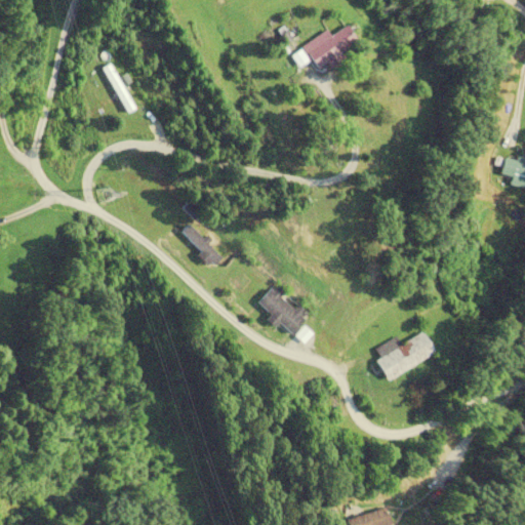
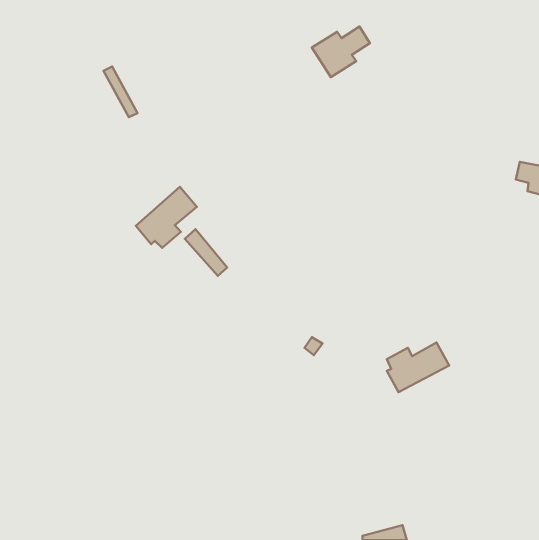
building: none -> [136,187,197,248]
building: [257,286,308,334] -> none

